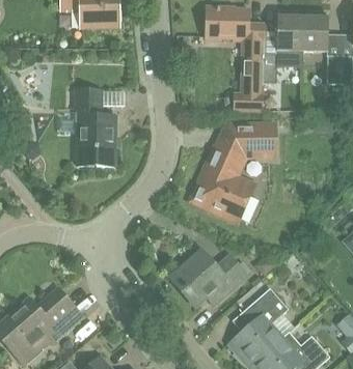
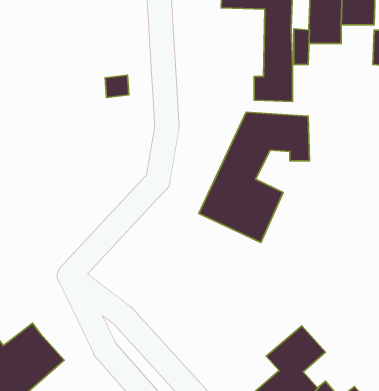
building: [74,90,116,166] -> none
building: [170,251,246,306] -> none

